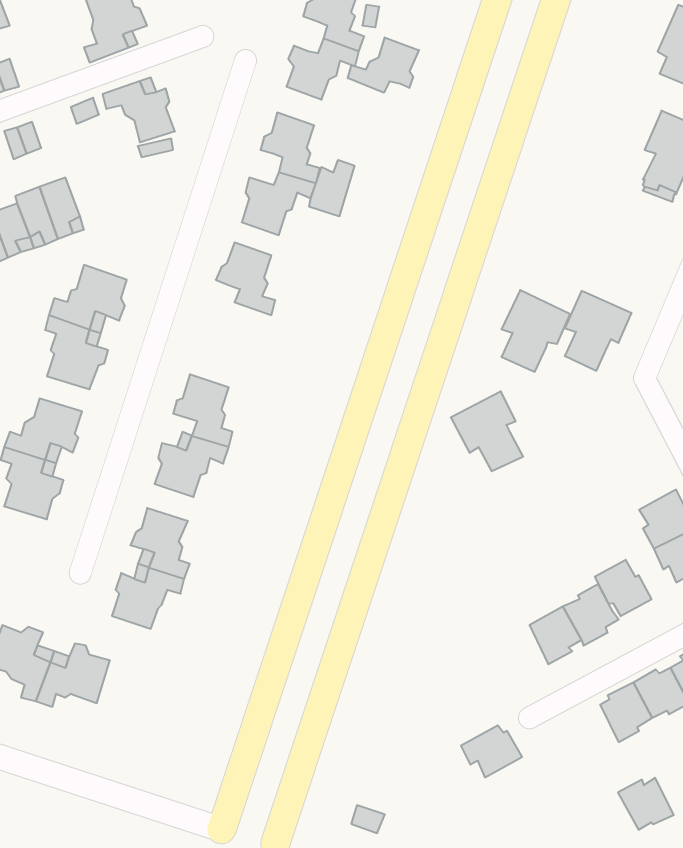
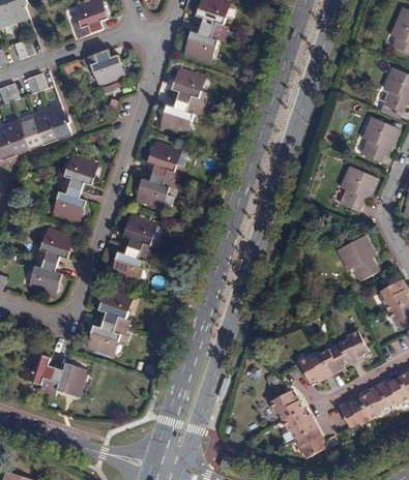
building: [348,37,419,93] -> none
building: [309,160,354,216] -> none
building: [501,290,570,372] -> [361,117,400,162]
building: none -> [135,174,176,208]
building: [451,391,523,471] -> [338,236,378,280]
building: [595,560,651,616] -> none
building: none -> [298,354,330,383]
building: none -> [269,391,302,421]
building: none -> [295,427,324,458]
building: [618,778,674,830] -> [339,398,370,427]

